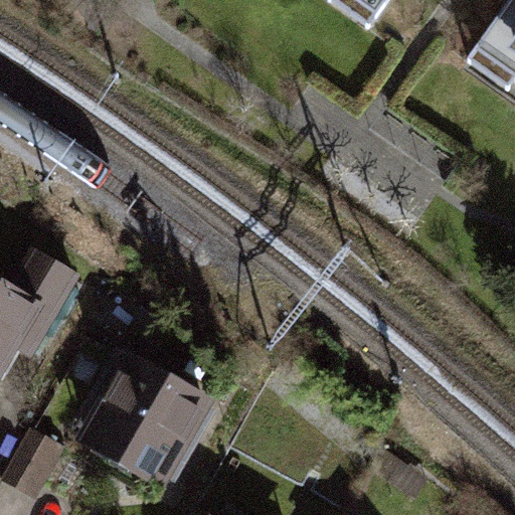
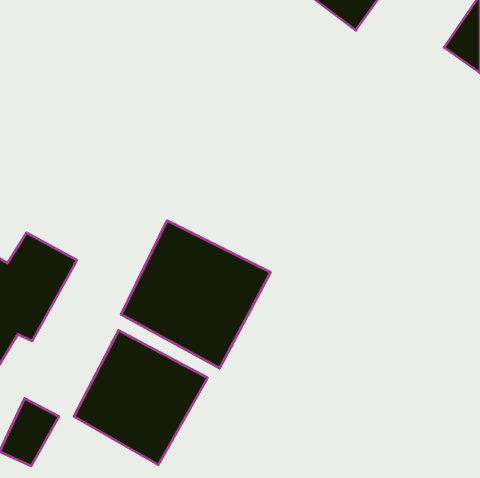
building: none -> [121,221,270,368]

